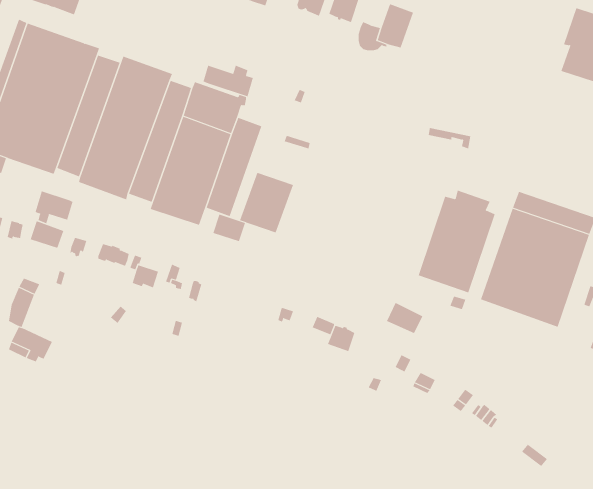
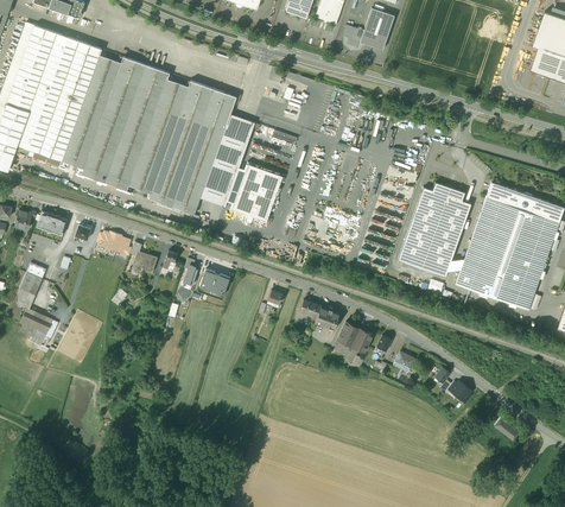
building: [203,65,253,97] -> none
building: [35,190,73,224] -> none
building: [213,214,246,242] -> [199,270,230,296]
building: [386,302,423,334] -> [337,322,372,351]

